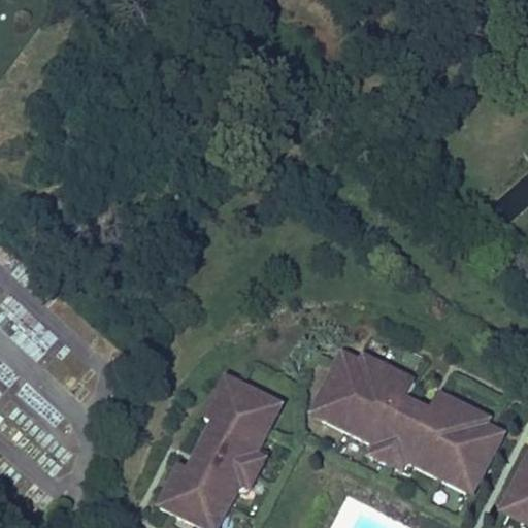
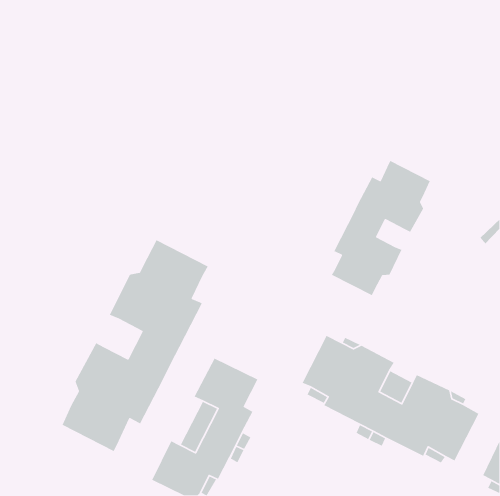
building: none -> [331,160,431,296]
building: none -> [61,239,209,452]

